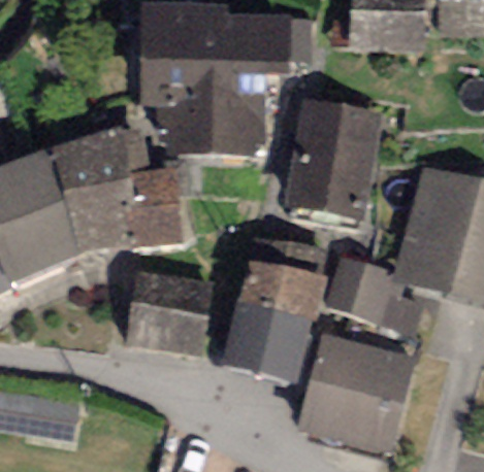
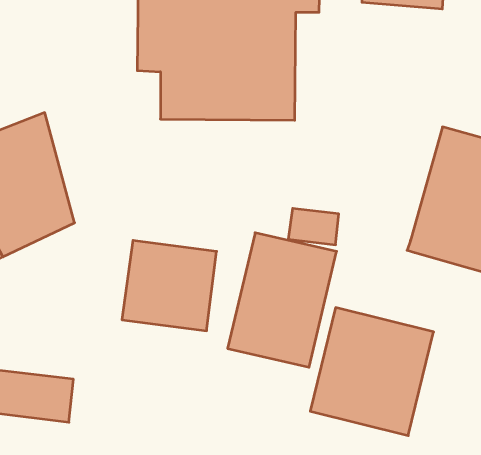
building: [281,95,384,223] -> none
building: [51,125,181,252] -> none
building: [328,256,417,329] -> none

